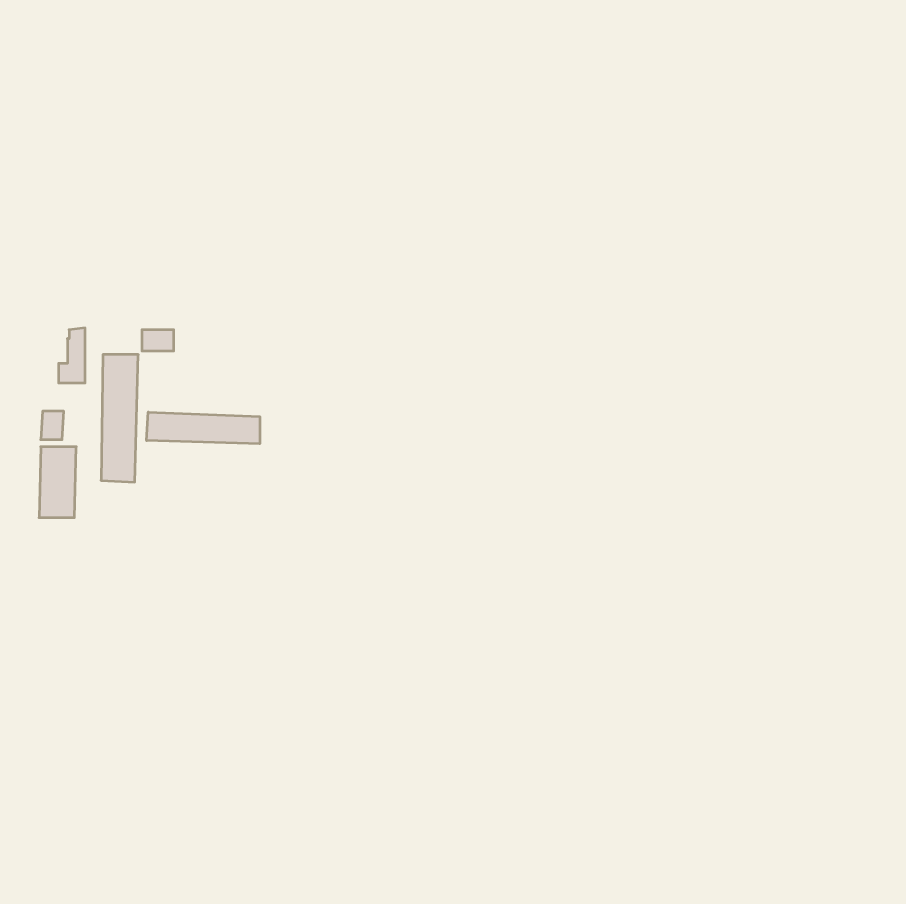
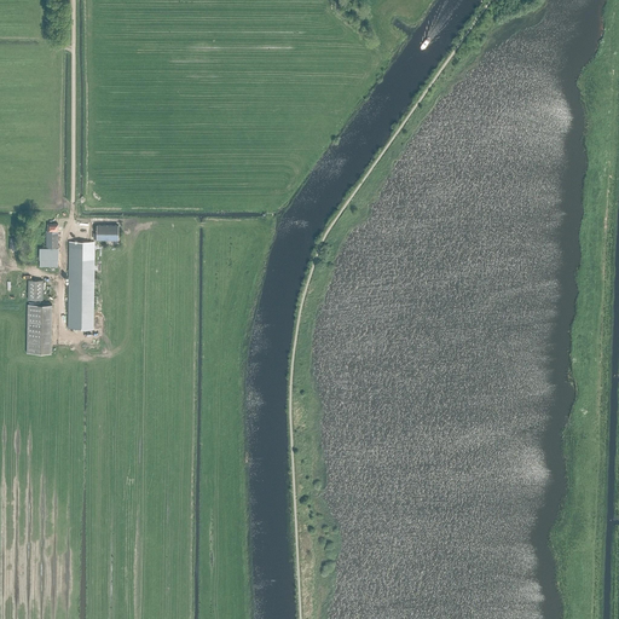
building: [147,412,260,444] -> none

